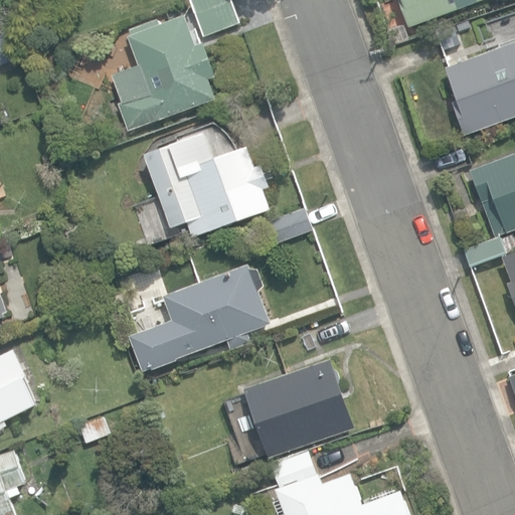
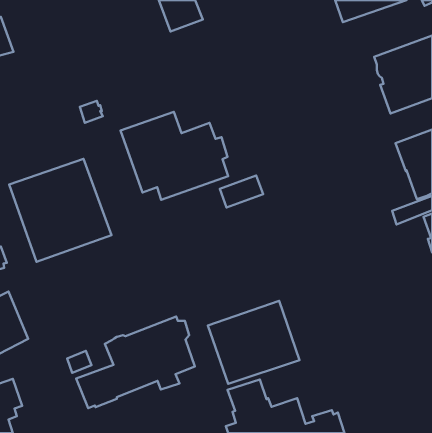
building: [111,16,215,131] -> none
building: none -> [9,159,111,262]
building: [129,264,270,372] -> [76,317,195,408]

